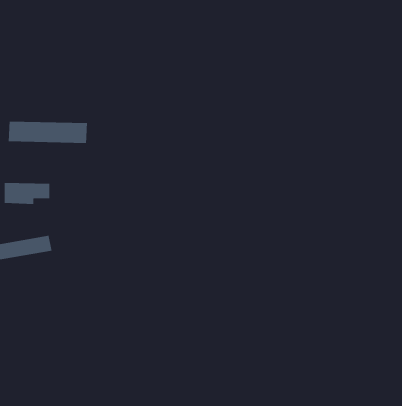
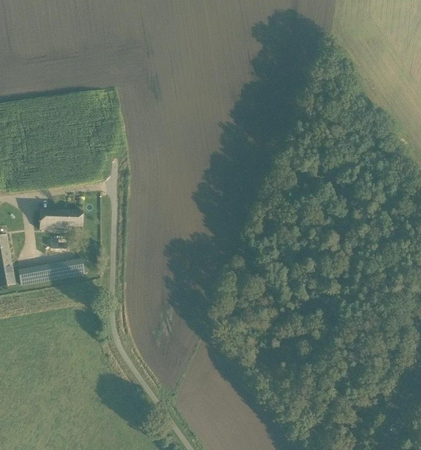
building: [8,121,88,144] -> none

